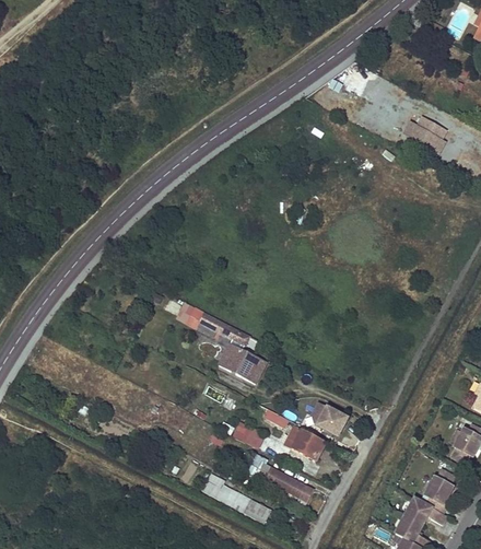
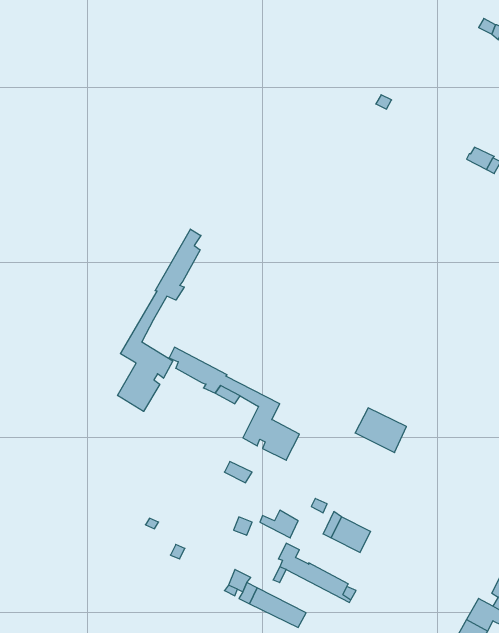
building: none -> [118,229,201,411]
building: [306,401,349,439] -> [355,408,406,453]

